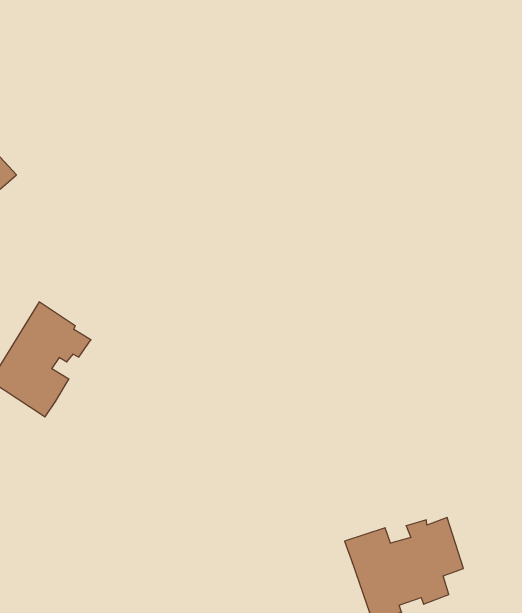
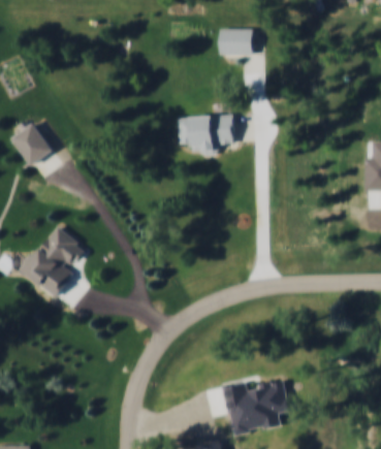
building: none -> [177,114,234,156]

